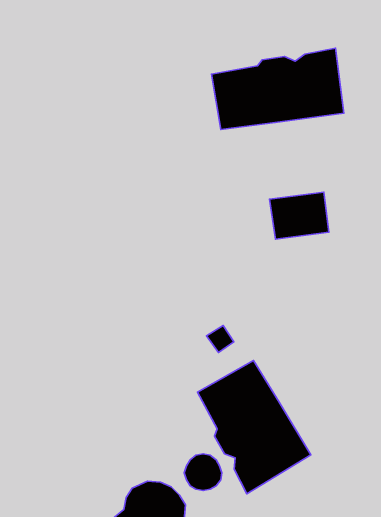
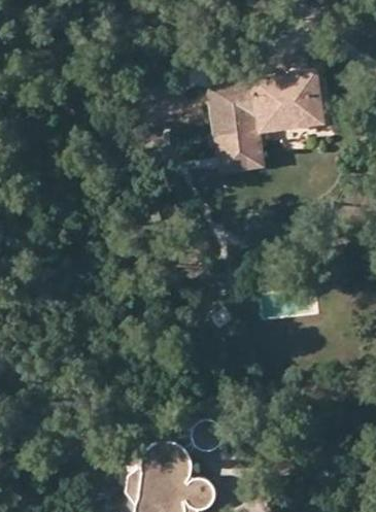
building: [270,192,329,239] -> [219,132,271,173]
building: [197,360,311,494] -> none

